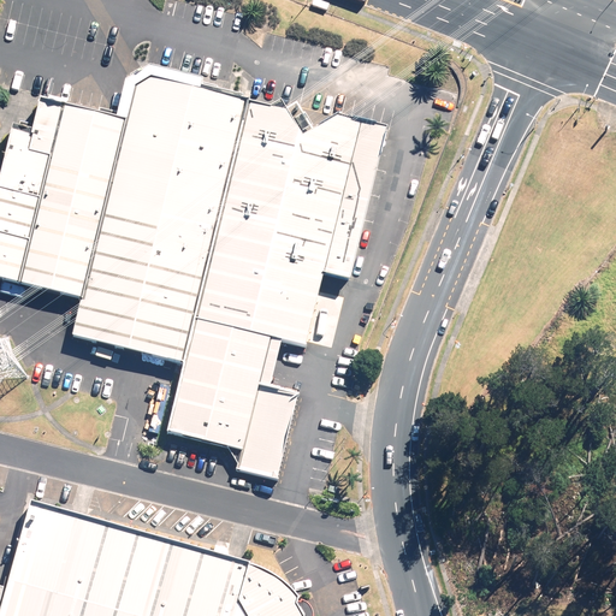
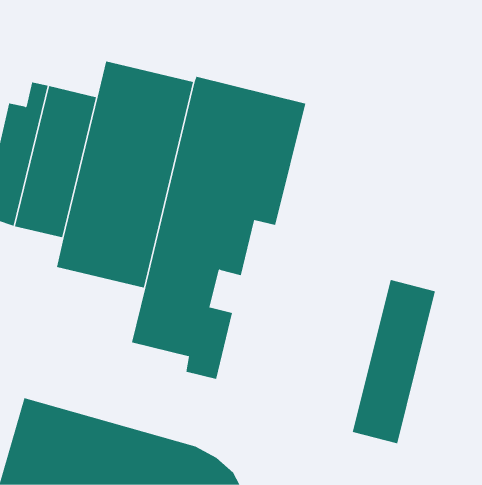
building: none -> [352,279,436,444]

